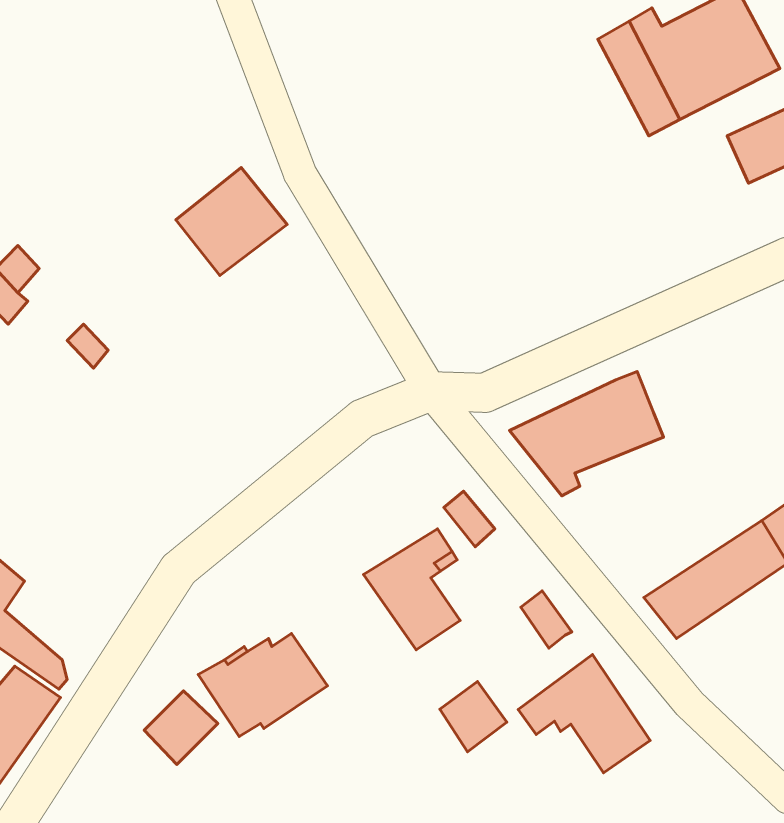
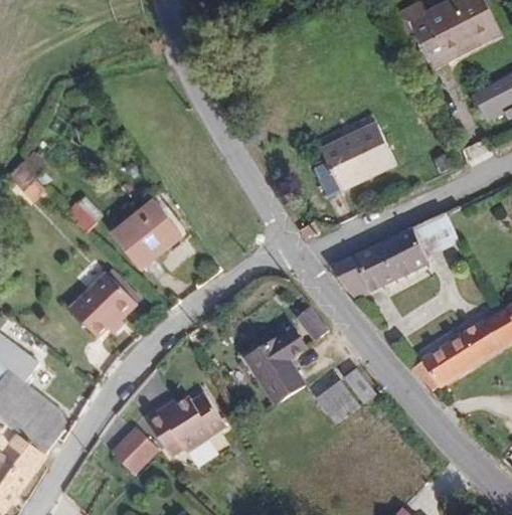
building: [176,167,287,275] -> [109,201,177,268]
building: none -> [318,120,397,191]
building: none -> [413,214,460,255]
building: none -> [67,271,135,335]
building: [518,655,650,773] -> none
building: [440,681,507,752] -> [314,378,355,421]

